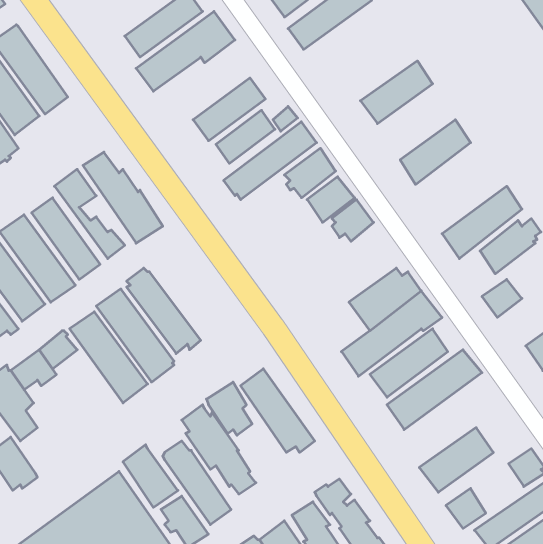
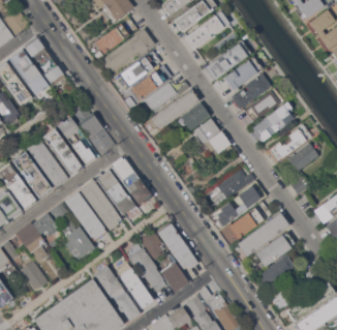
building: none -> [206,41,250,82]
building: none -> [119,51,162,88]
building: none -> [232,73,271,110]
building: none -> [252,102,293,142]
building: none -> [112,157,152,203]
building: none -> [60,220,93,259]
building: none -> [255,232,295,269]
building: none -> [161,263,189,293]

